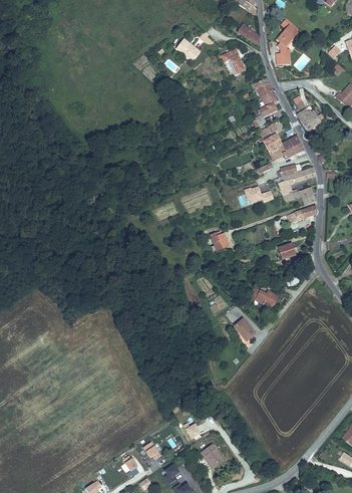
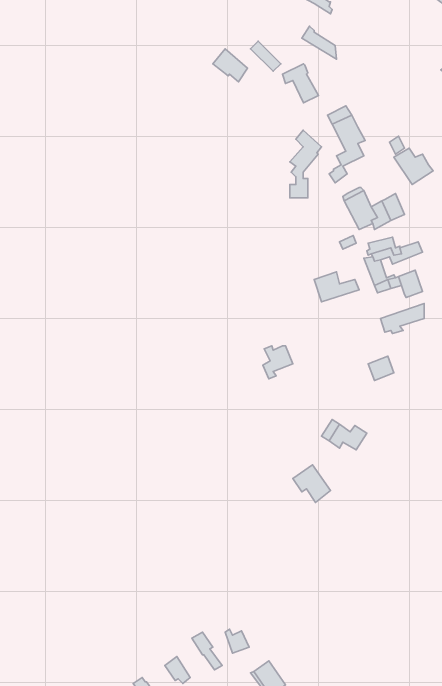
building: [276,14,297,59] -> [290,130,321,198]

